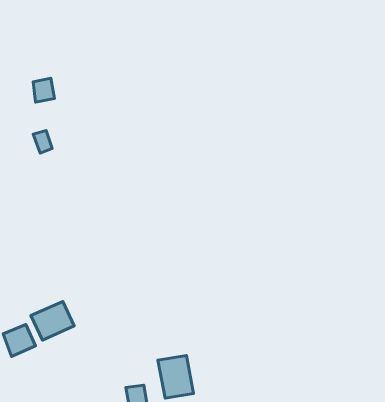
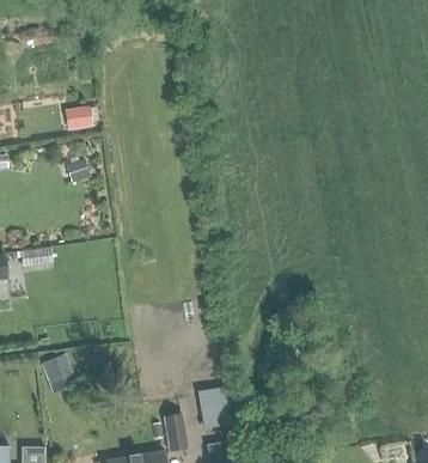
building: [31,301,74,340] -> none

